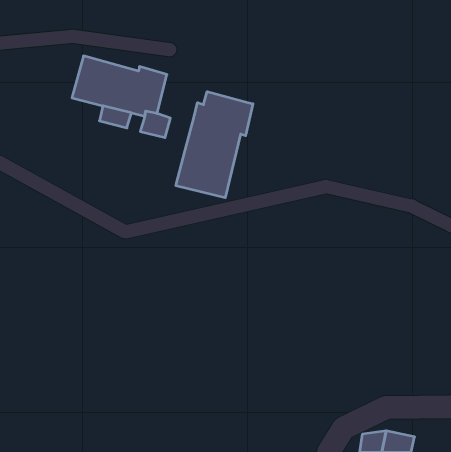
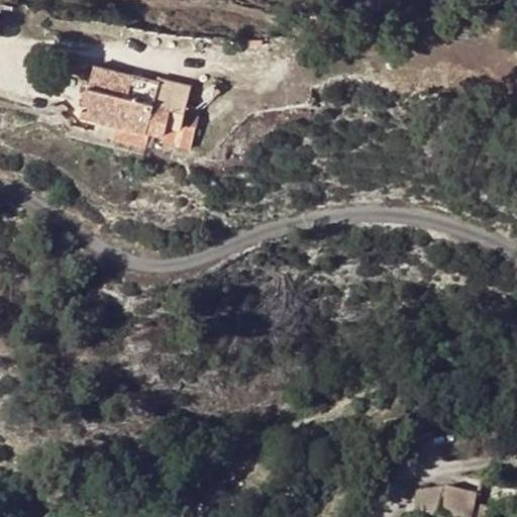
building: [176,92,253,198] -> none

